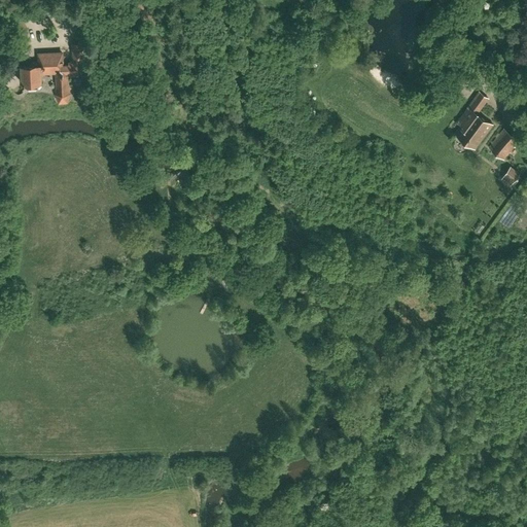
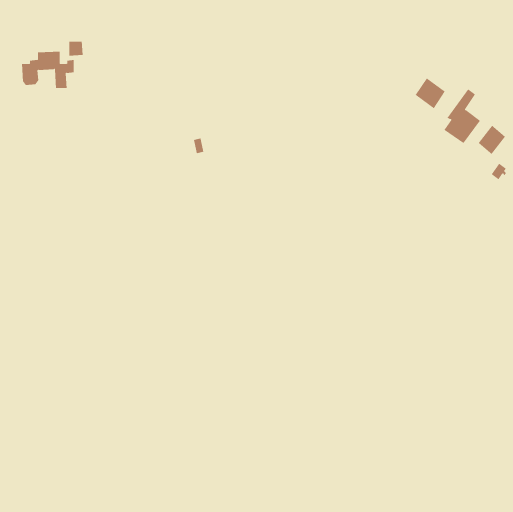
building: none -> [415,78,446,109]

